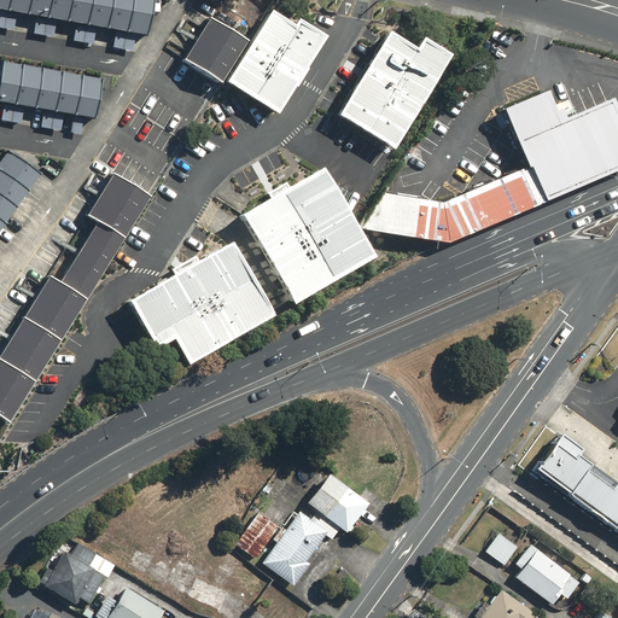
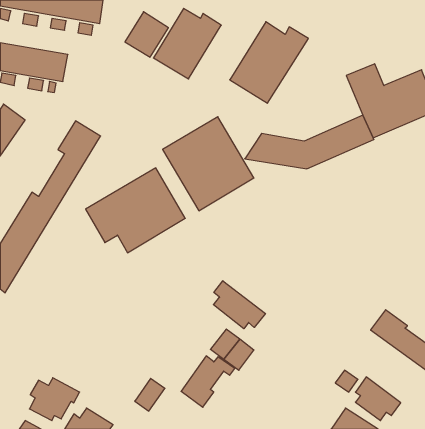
building: none -> [213,281,265,329]
building: [238,512,281,559] -> [135,378,165,411]

